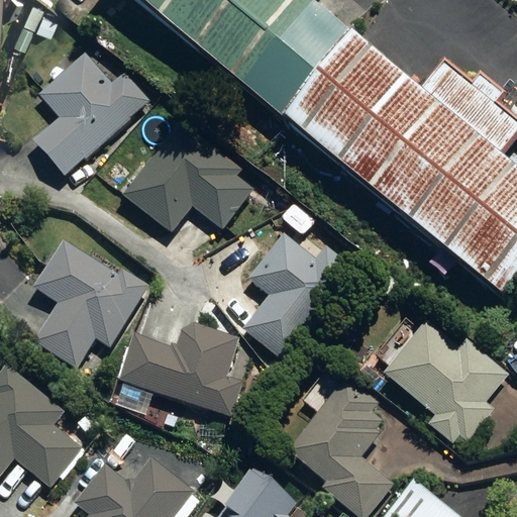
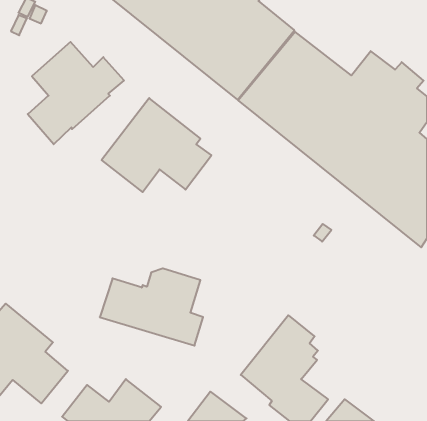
building: [242,232,357,361] -> none
building: [33,239,148,368] -> none
building: [386,321,510,442] -> none

